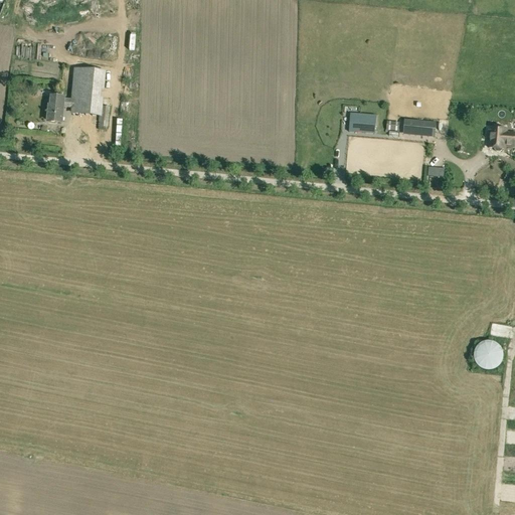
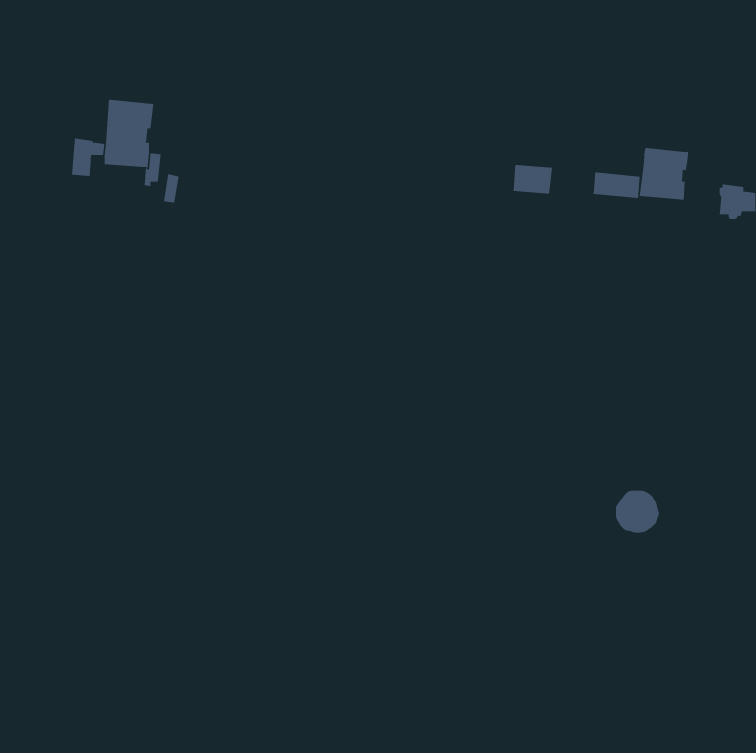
building: none -> [639,147,689,201]
building: [473,339,503,368] -> [615,490,660,533]

